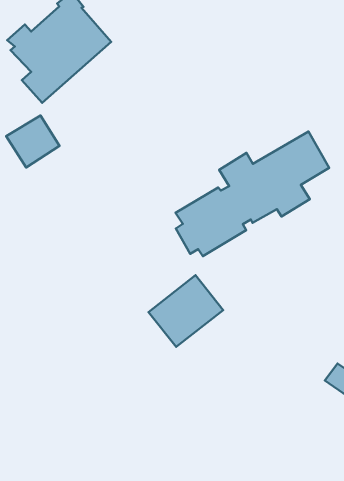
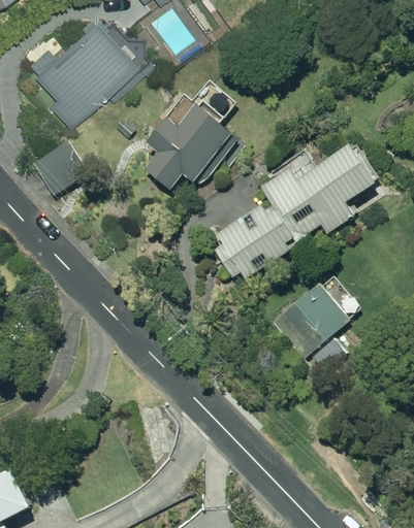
building: none -> [146,99,235,187]
building: [149,275,223,347] -> [276,283,354,359]

